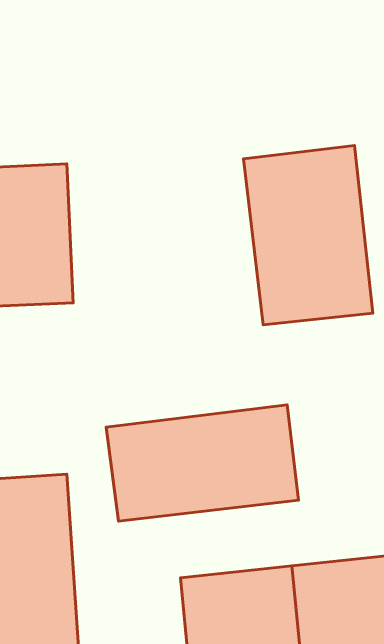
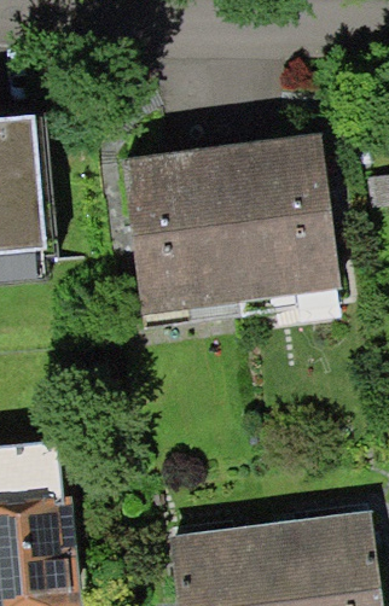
building: none -> [124,150,245,314]
building: [106,405,298,521] -> none

